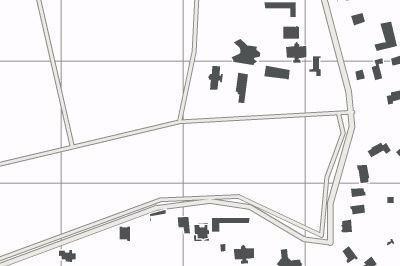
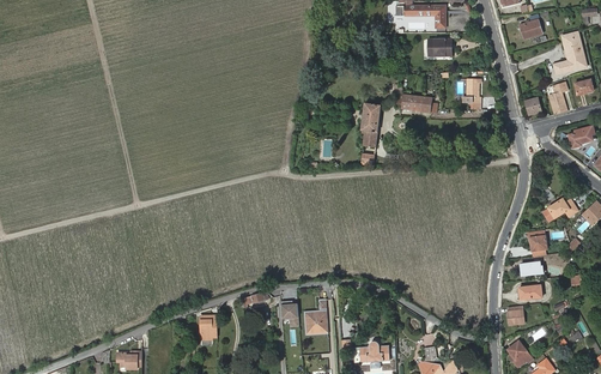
building: [230,38,261,66] -> none
building: [285,41,307,64] -> none
building: [208,65,224,91] -> none
building: [212,217,250,233] -> none

